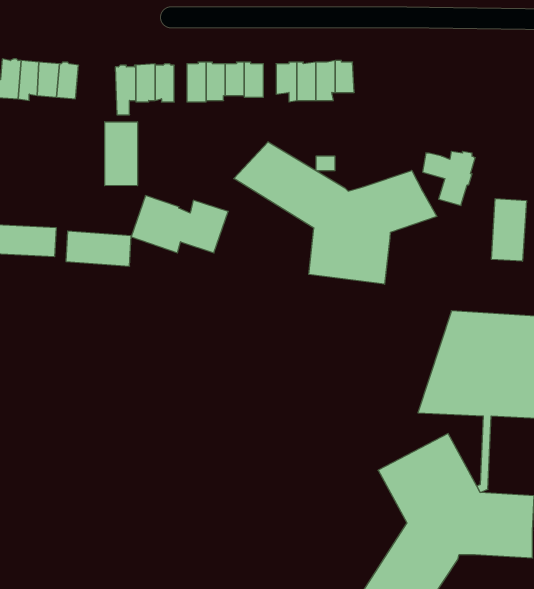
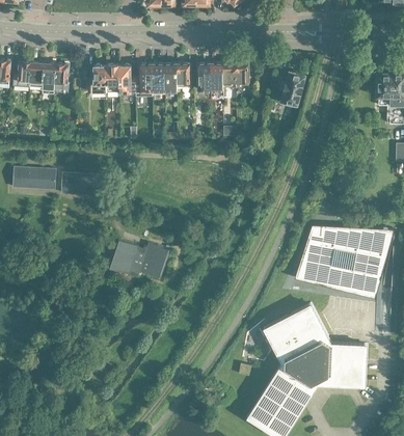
building: [105,122,137,186] -> none
building: [234,142,437,284] -> none
building: [423,151,475,206] -> [270,72,304,107]
building: [131,196,228,253] -> [107,240,170,277]
building: [491,199,526,261] -> none

